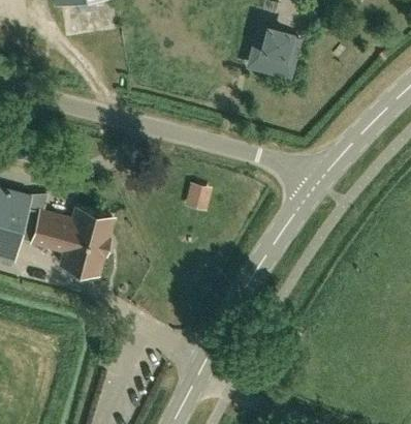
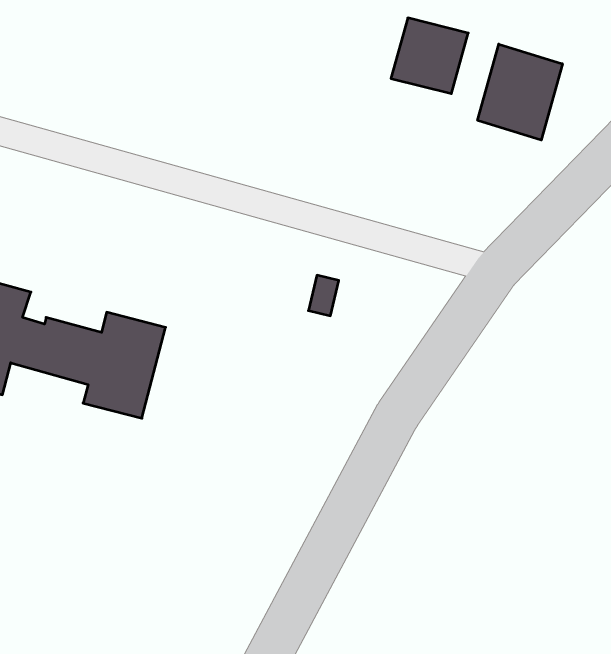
building: none -> [478,44,562,140]

